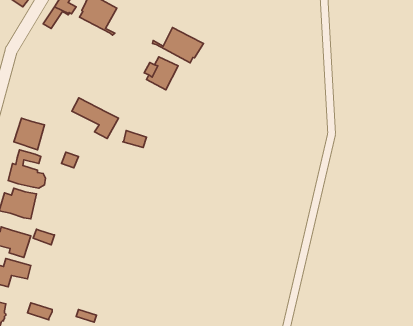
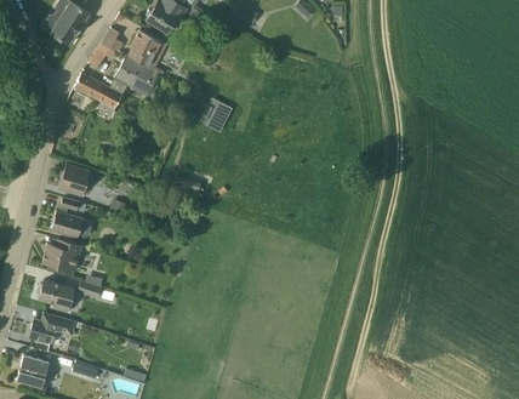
building: none -> [114,55,162,98]
building: [153,27,203,63] -> none
building: [72,98,118,138] -> [73,72,122,115]

